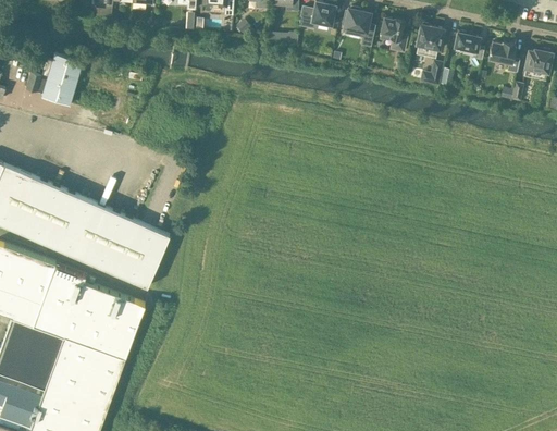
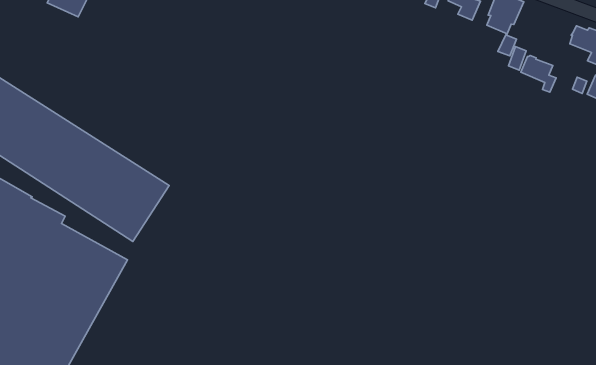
building: [454,33,484,61] -> [521,56,556,92]

